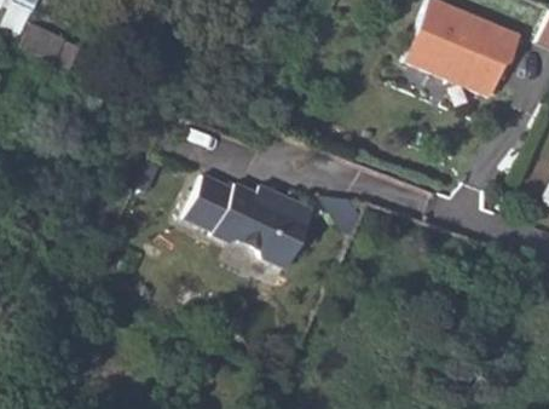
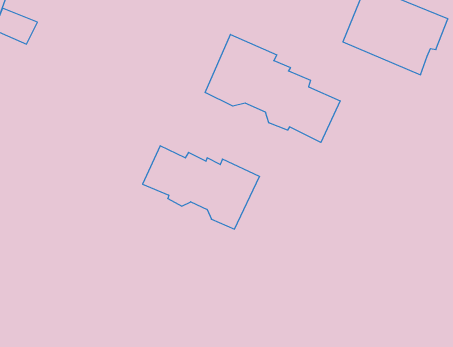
building: none -> [205,34,340,142]

